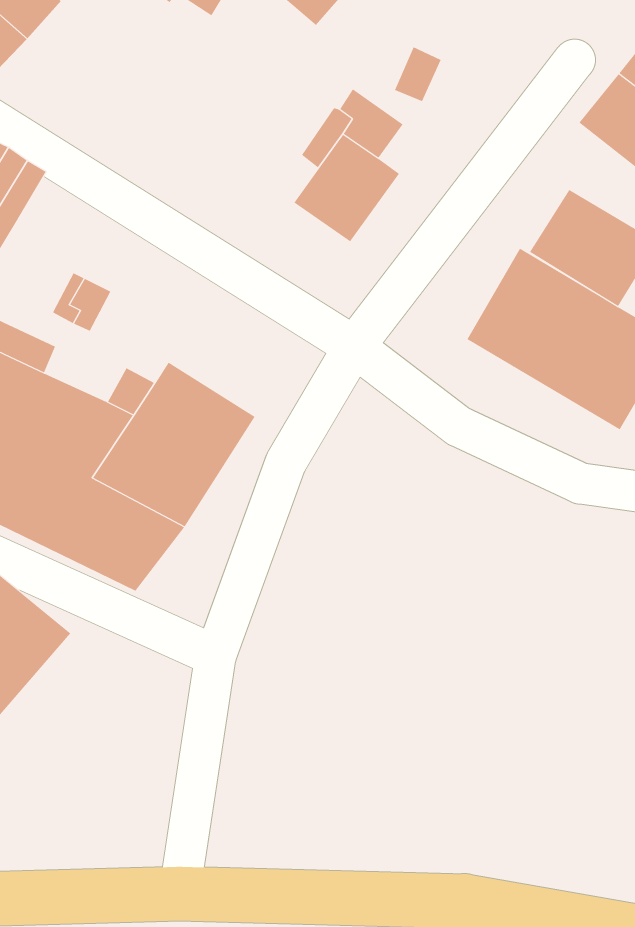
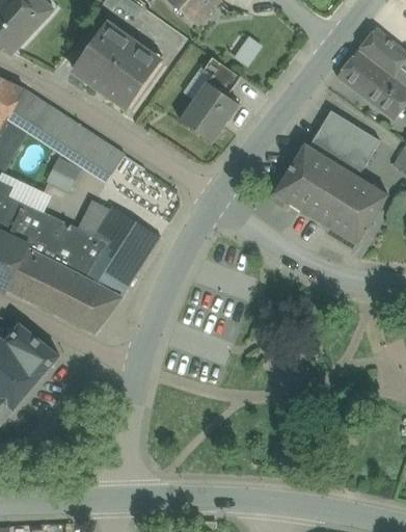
building: none -> [73,22,159,106]
building: none -> [28,102,124,181]

